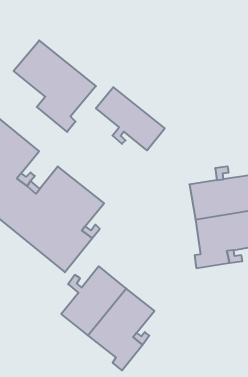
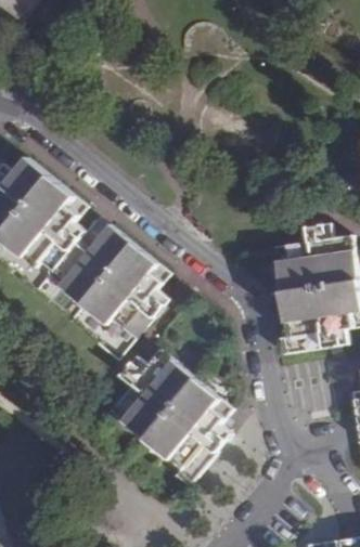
building: [14,40,96,132] -> none
building: [96,87,165,150] -> none

